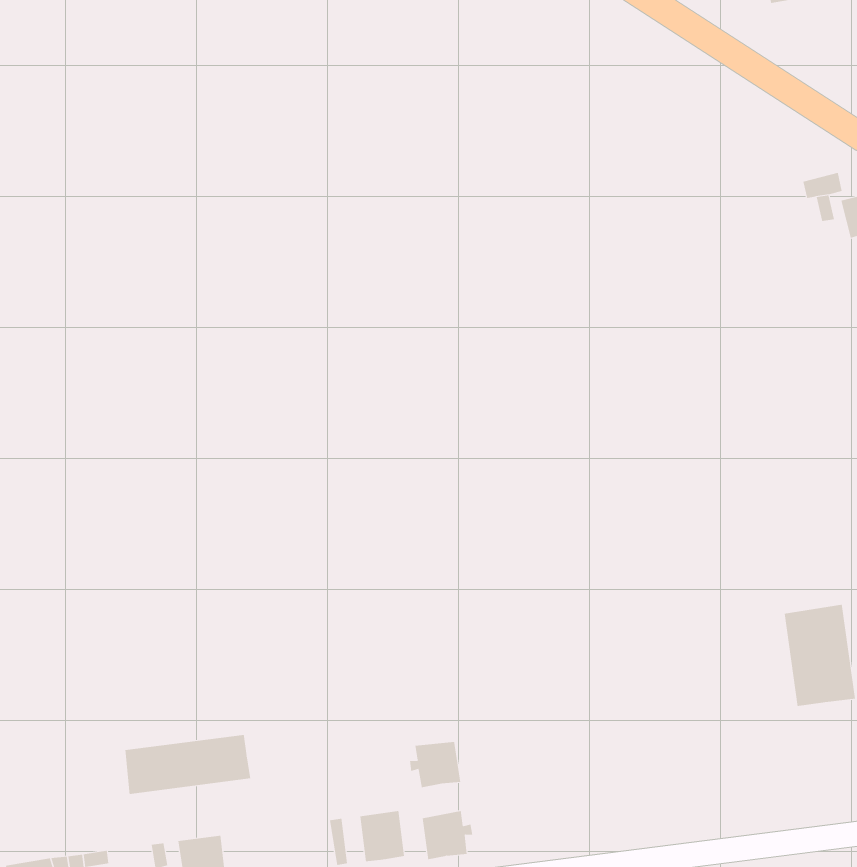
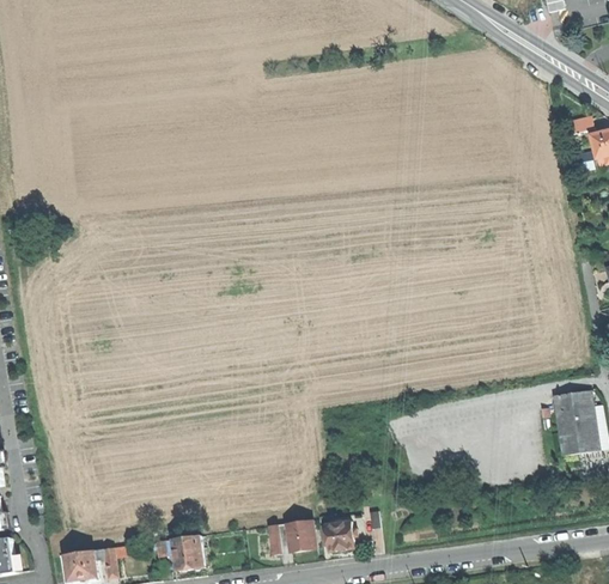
building: [125,734,251,795] -> none
building: [410,741,461,788] -> none

